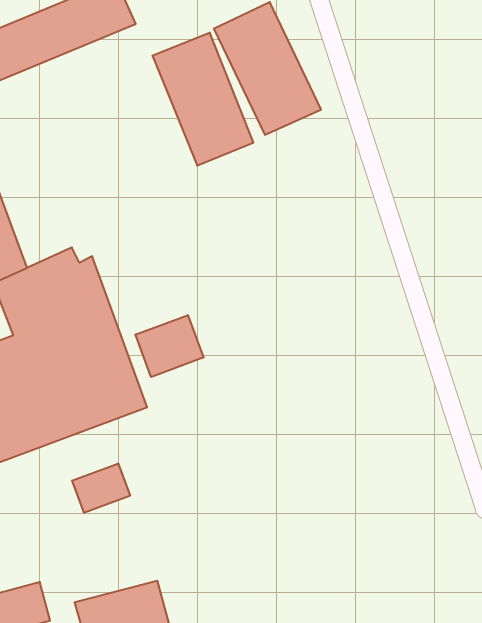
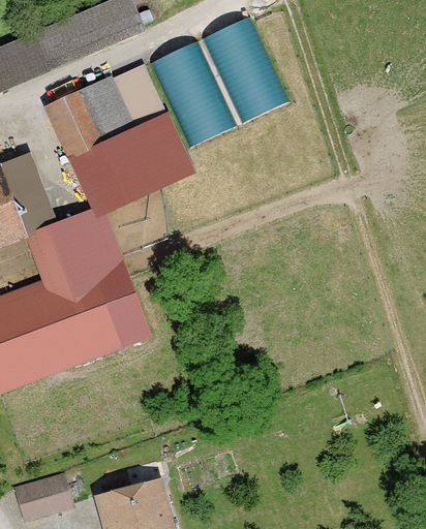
building: none -> [42,62,194,221]
building: [135,315,204,377] -> none
building: [72,463,130,513] -> none

